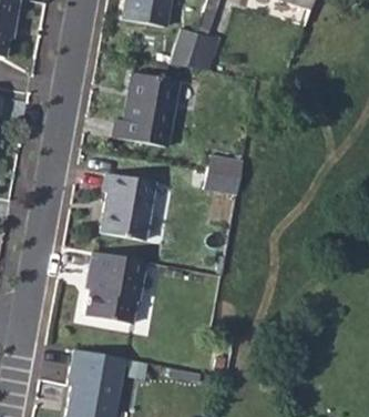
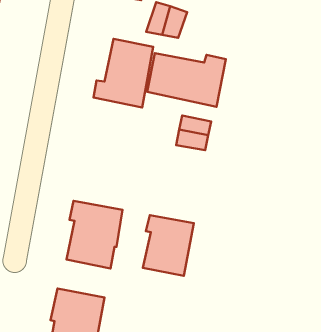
building: none -> [147,53,226,107]
building: [98,173,154,241] -> [143,215,194,276]

